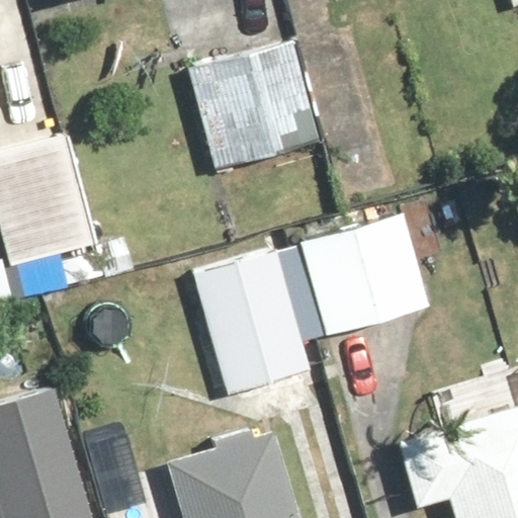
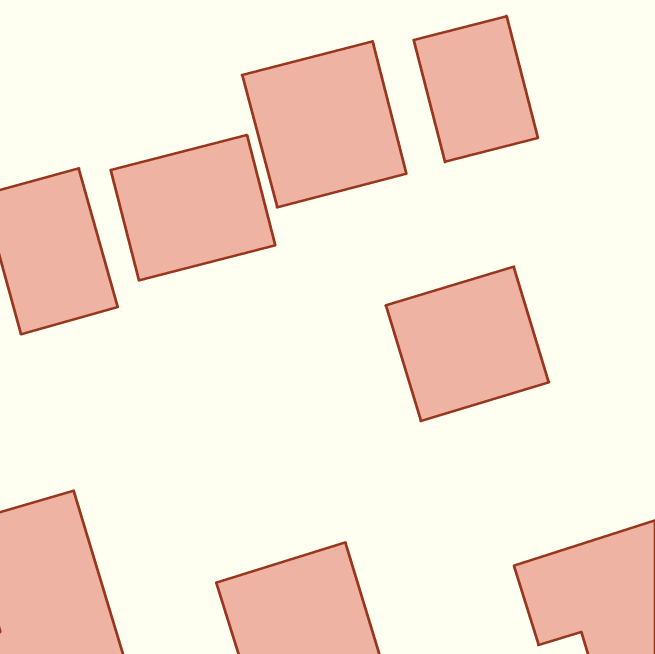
building: none -> [414,16,538,162]
building: none -> [111,135,275,280]
building: [193,248,308,393] -> none

